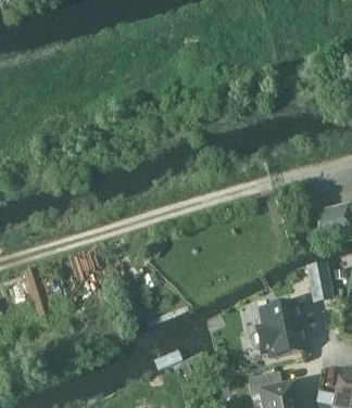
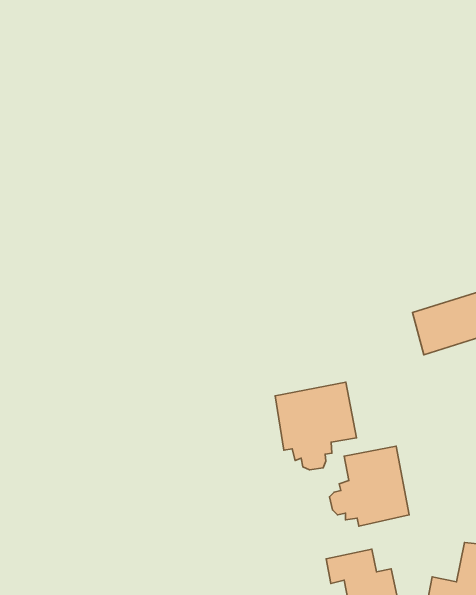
building: none -> [275,382,357,470]
building: [309,262,332,298] -> none

